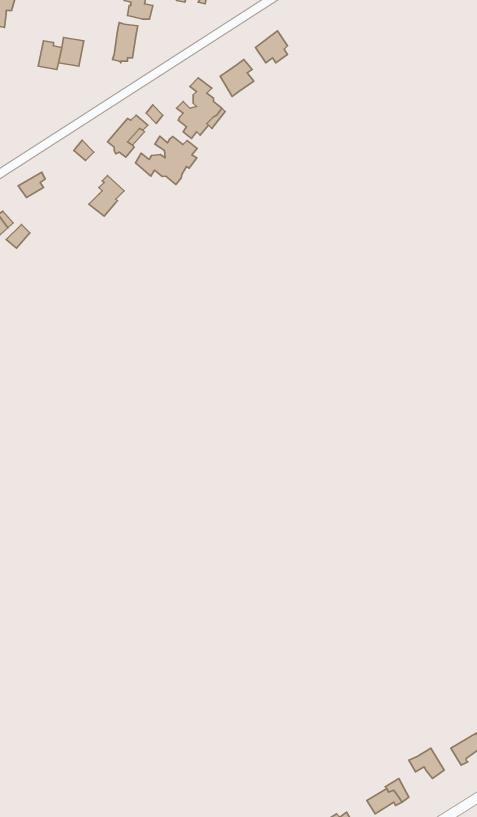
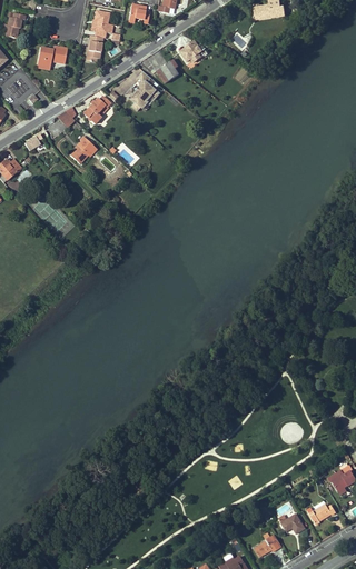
building: [135,136,197,184] -> none

